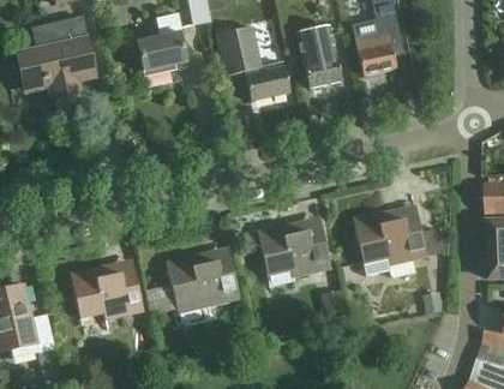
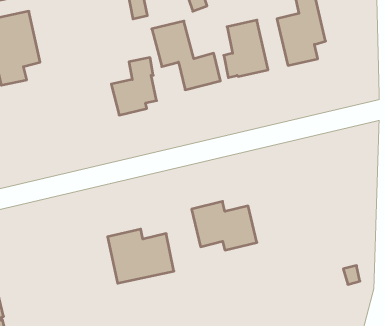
building: [134,12,184,74] -> [111,58,157,115]
building: [352,210,425,277] -> none
building: [68,265,143,318] -> none

